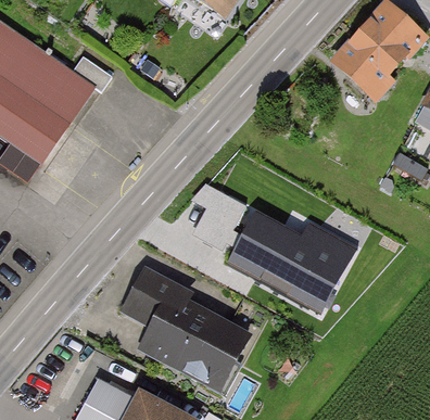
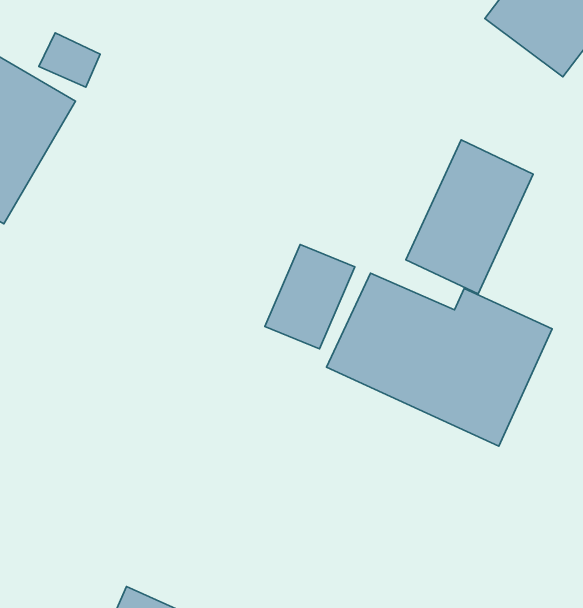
building: none -> [406,140,533,294]
building: [123,278,246,391] -> none

